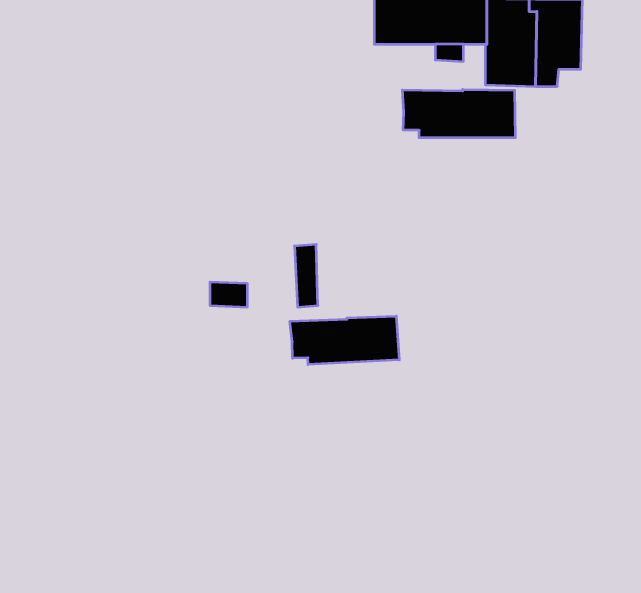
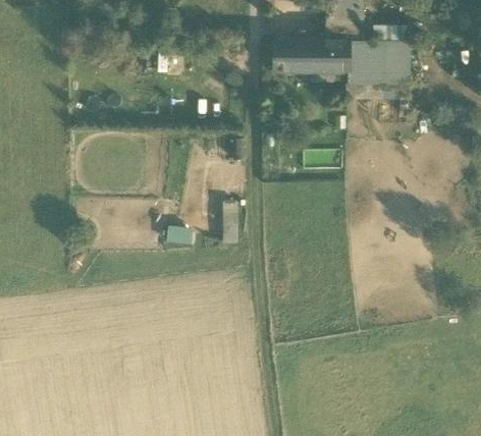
building: [402,89,515,138] -> none
building: [290,316,399,365] -> none

